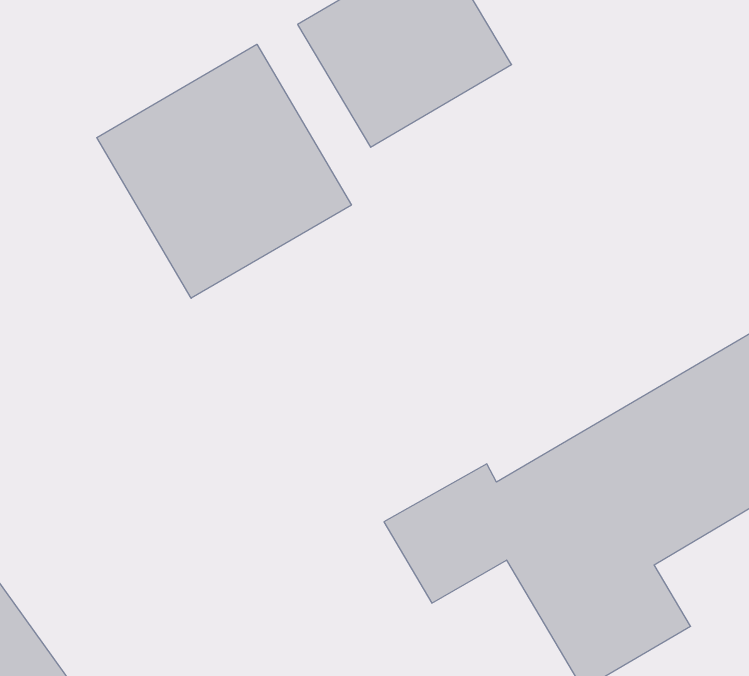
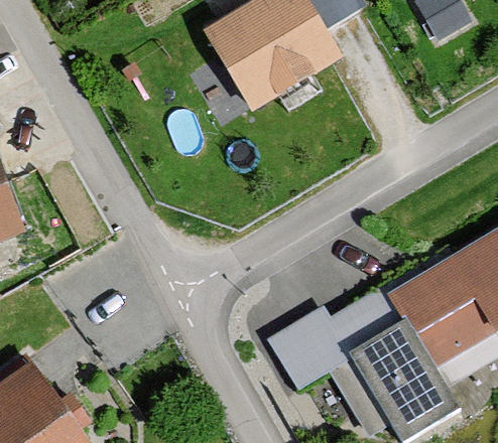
building: [97,44,351,298] -> none

